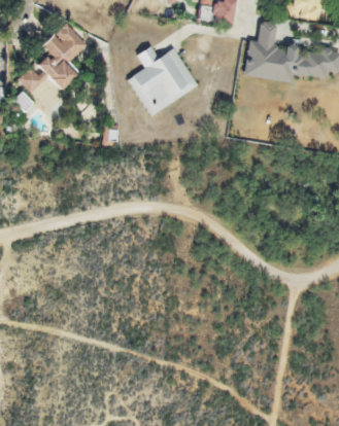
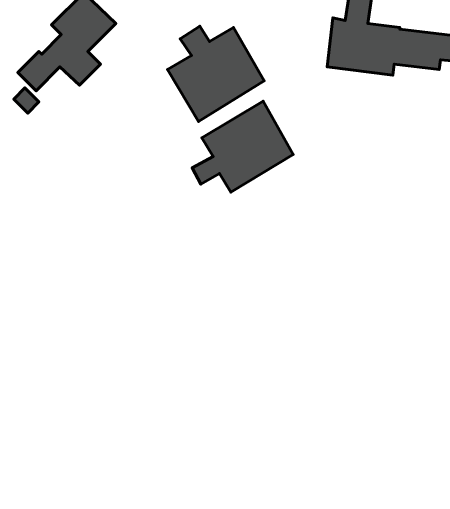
building: none -> [192,101,293,192]

